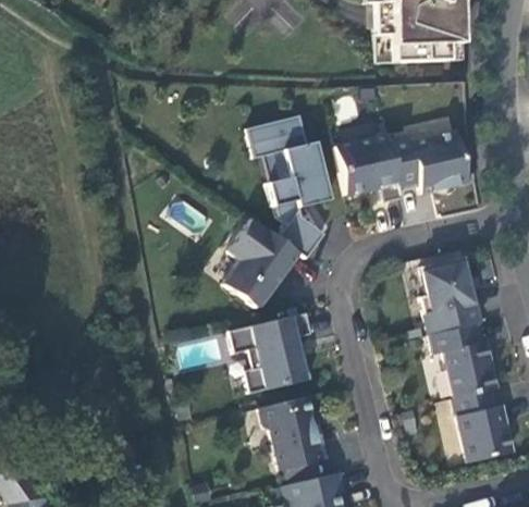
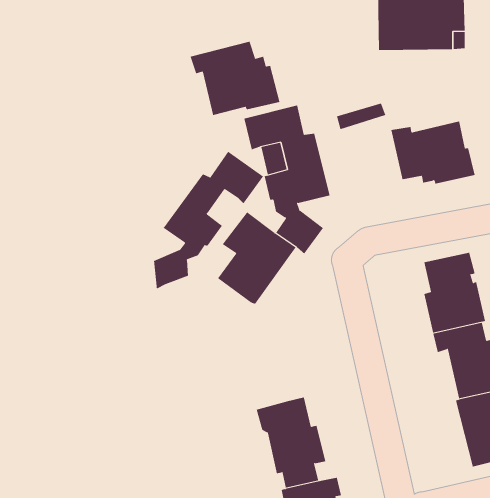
building: none -> [190,41,280,116]
building: [335,134,403,203] -> none
building: none -> [153,151,264,289]
building: [227,313,310,393] -> none

